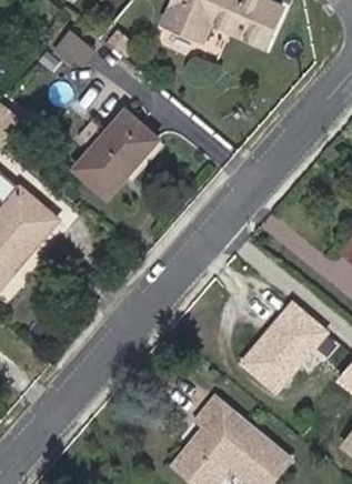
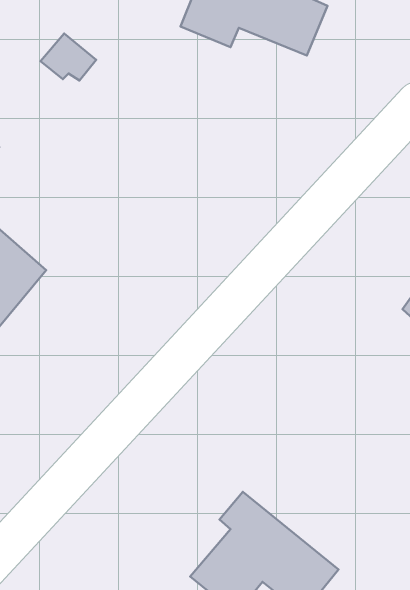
building: [74,110,159,196] -> none
building: [243,303,326,391] -> none

